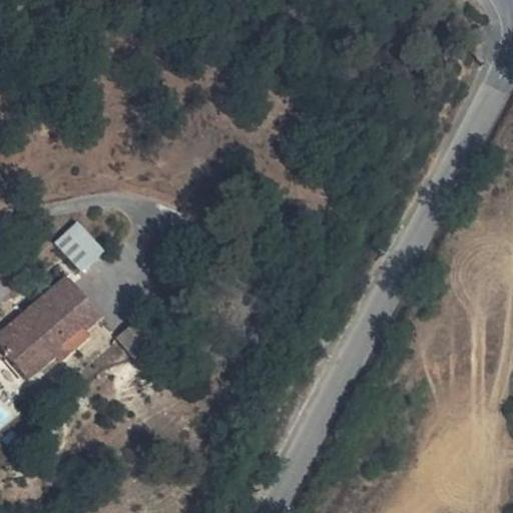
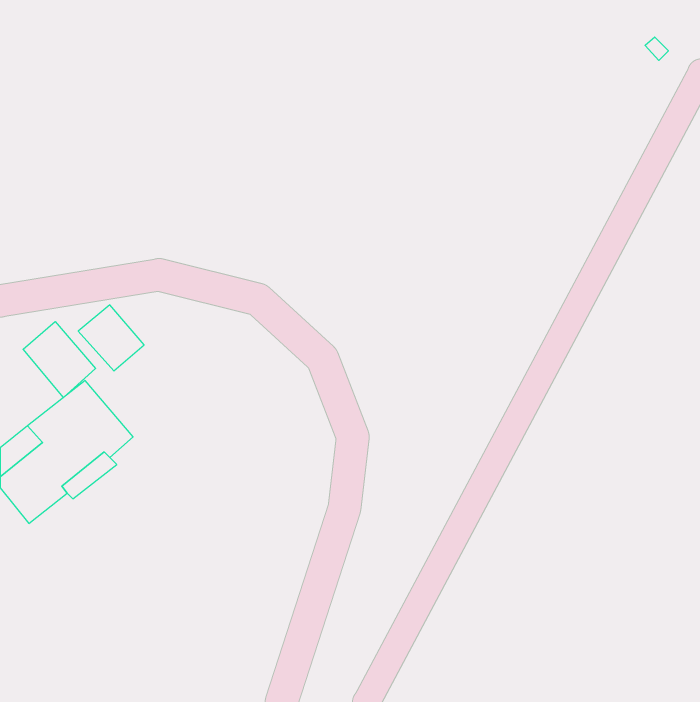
building: none -> [23,322,96,398]

